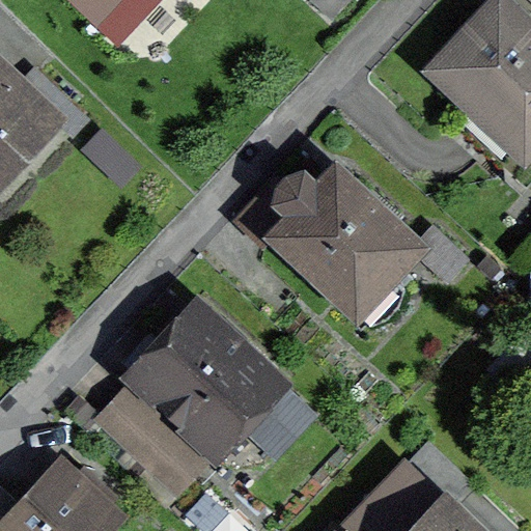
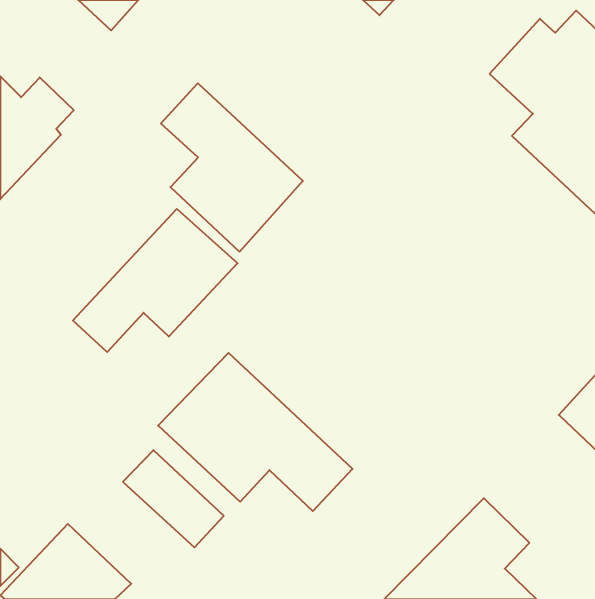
building: none -> [161,83,303,252]
building: [240,174,421,324] -> none
building: none -> [73,209,238,352]

